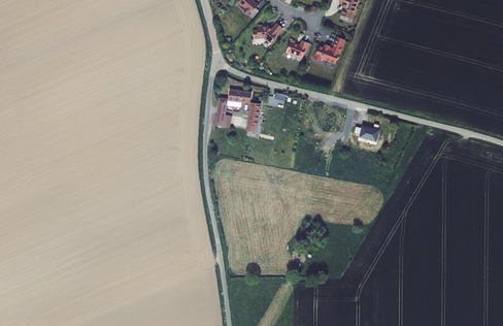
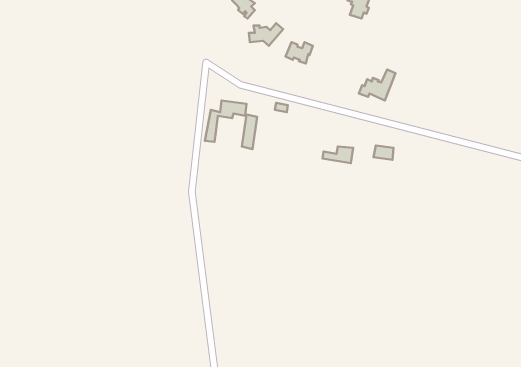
building: [312,36,344,63] -> [359,70,395,100]

